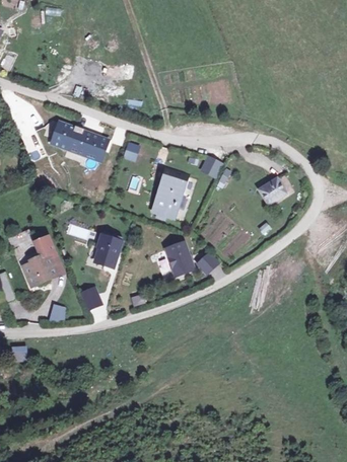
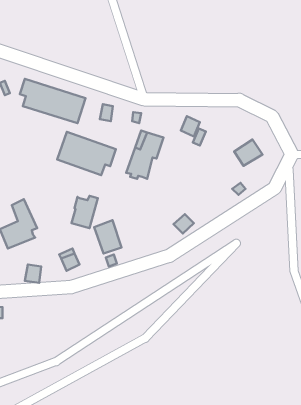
building: none -> [57,132,116,175]
building: [165,241,193,275] -> [94,220,122,253]

